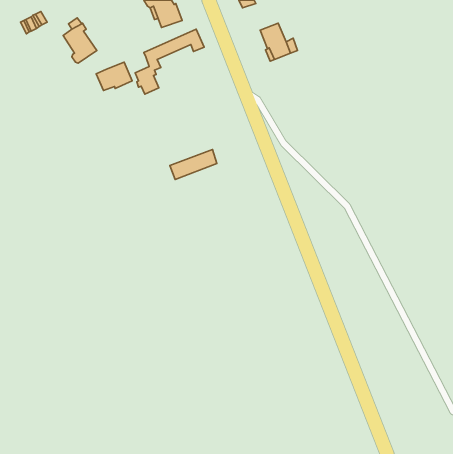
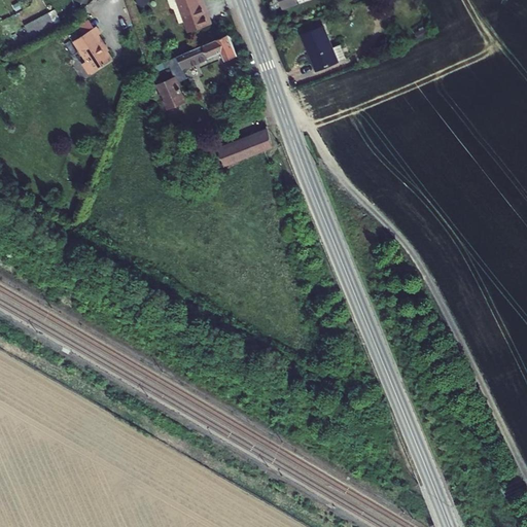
building: [96,62,132,90] -> none
building: [170,149,217,180] -> [217,131,272,166]

